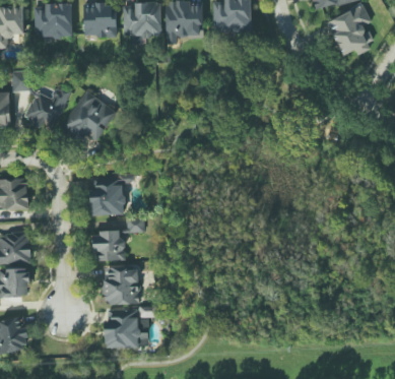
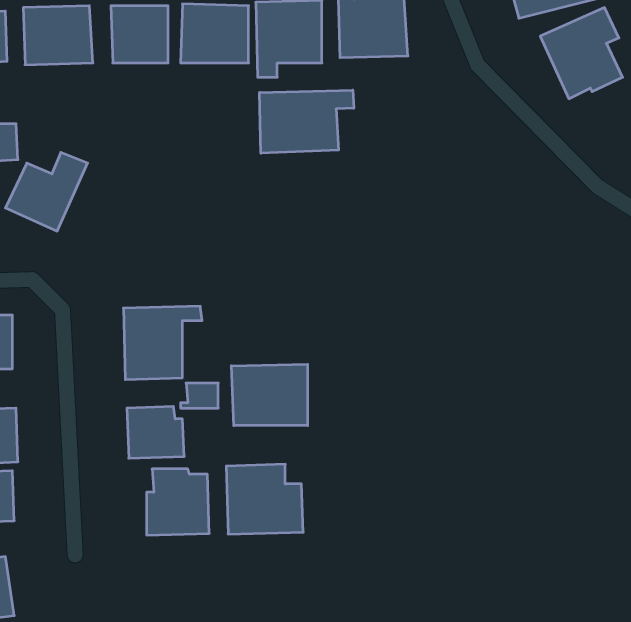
building: none -> [260,90,354,153]
building: [62,91,118,141] -> none
building: none -> [231,364,308,426]
building: [105,309,148,349] -> [226,464,303,534]

